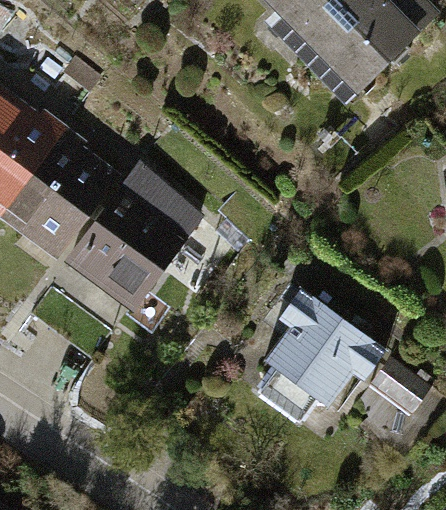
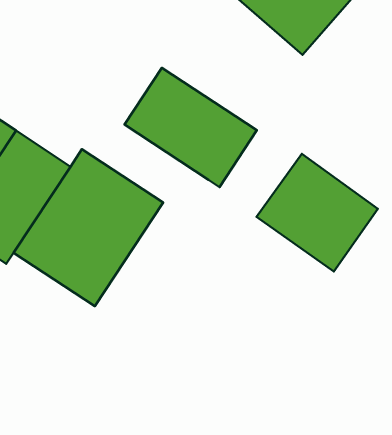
building: none -> [125,68,257,187]
building: [260,294,376,408] -> [256,154,378,271]

